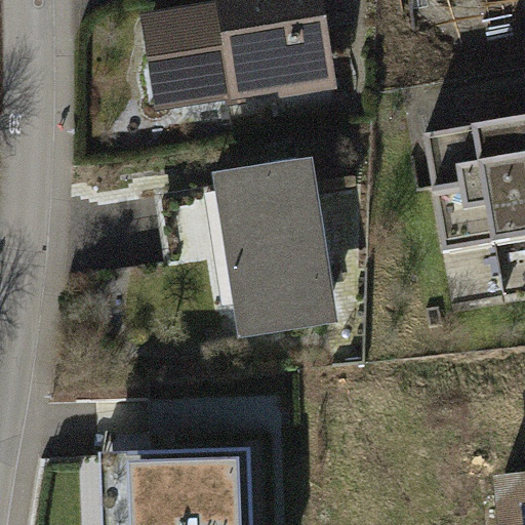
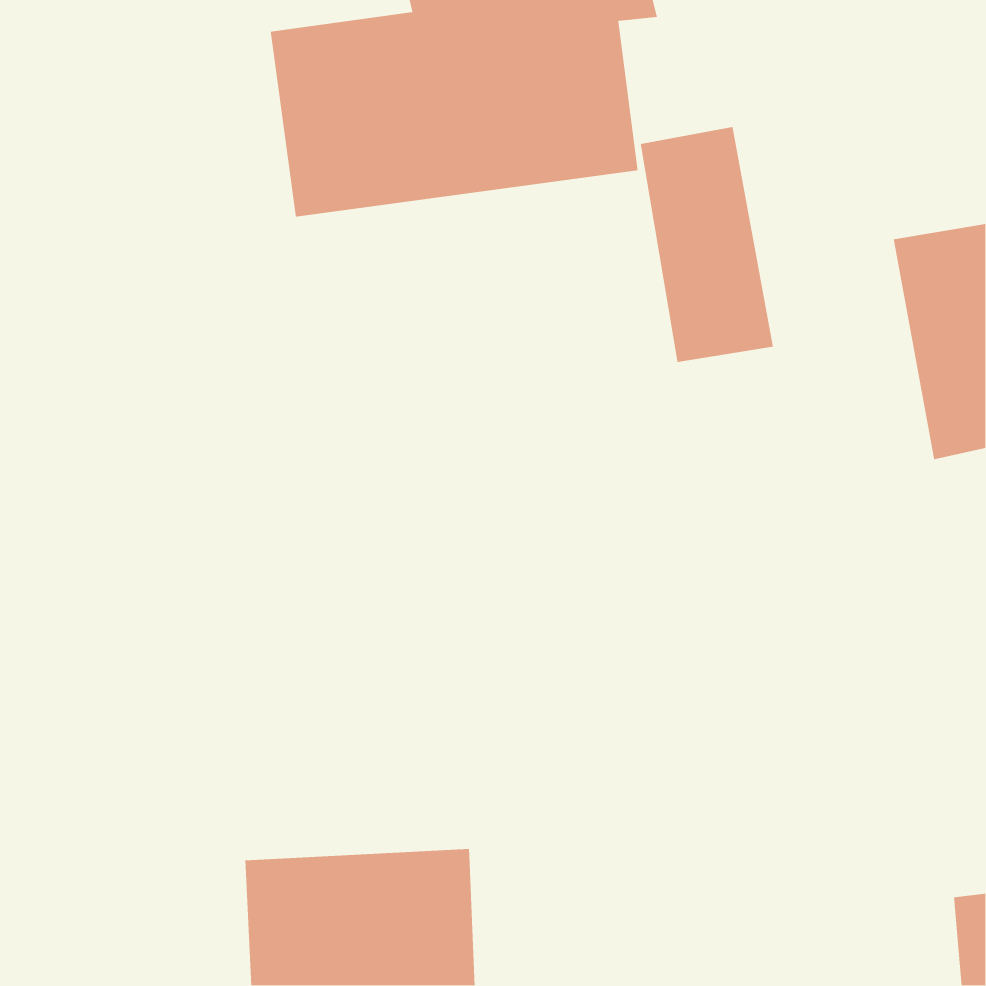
building: [422,126,493,251] -> [640,126,774,363]
building: [227,171,325,323] -> none

